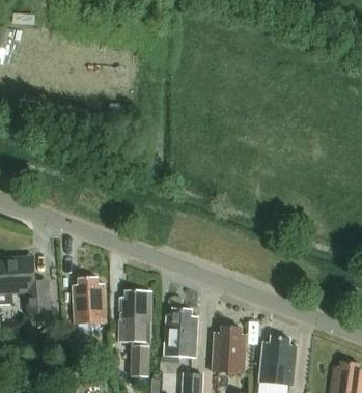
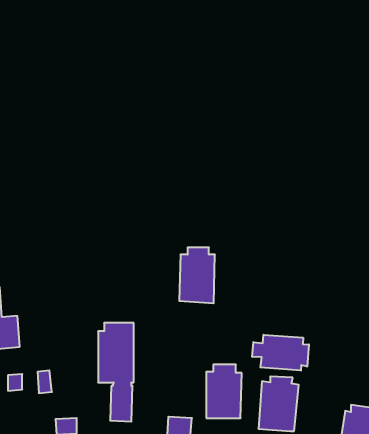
building: [73,278,107,334] -> none
building: none -> [252,335,309,371]
building: [165,309,196,358] -> [179,247,215,303]

